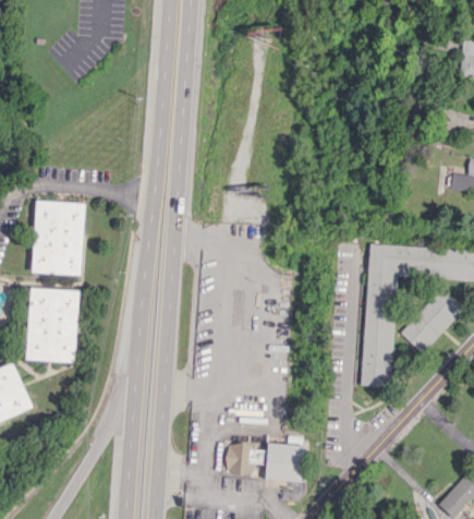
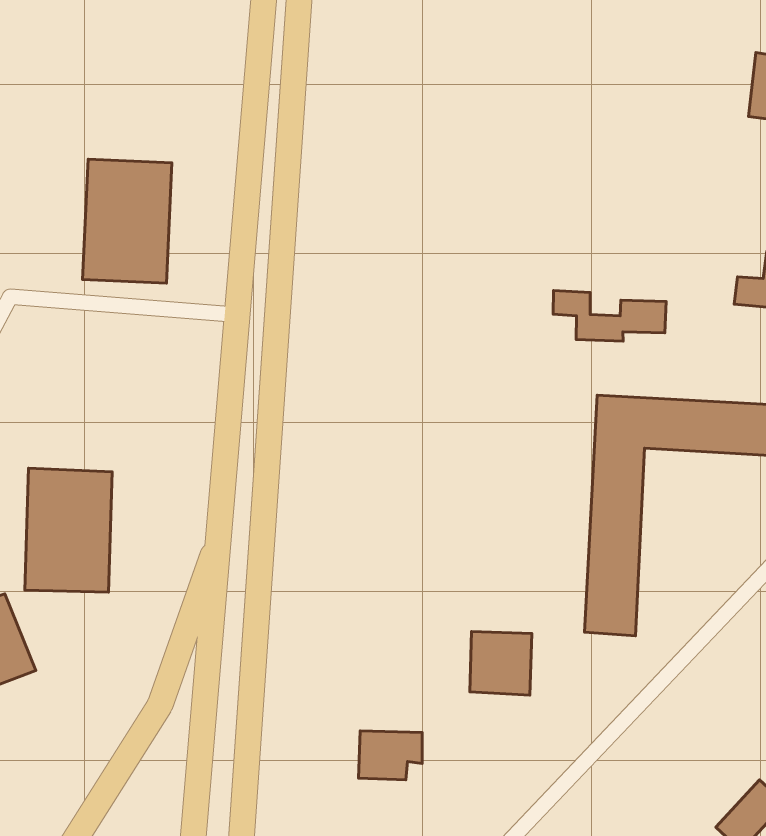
building: none -> [553,291,666,341]
building: [32,201,85,275] -> [83,159,172,283]
building: [400,288,464,353] -> none
building: [266,444,303,482] -> [470,632,532,695]

